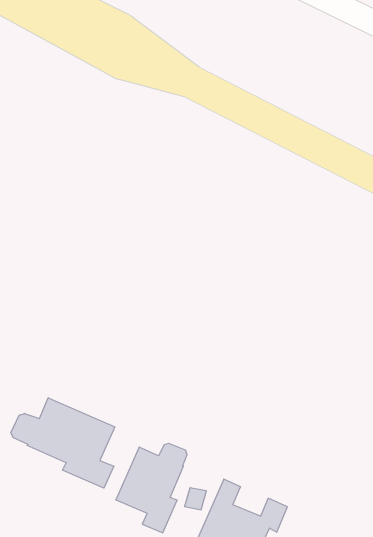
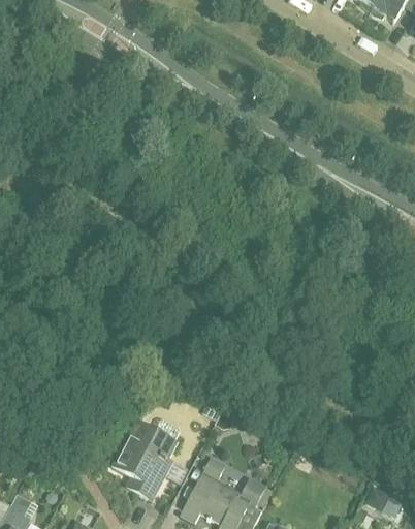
building: [11,398,115,488] -> none

